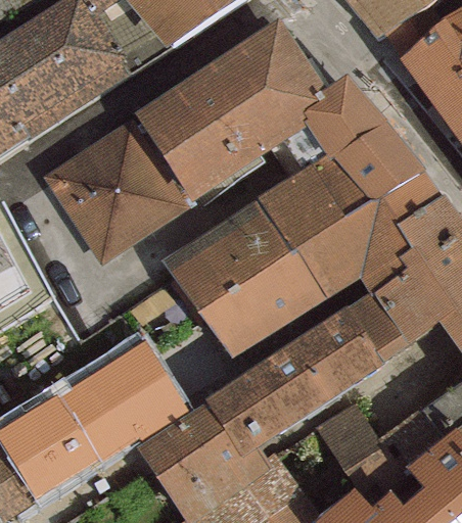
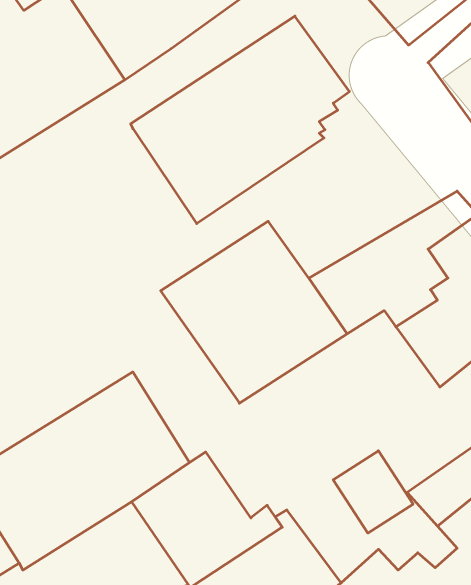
building: [258,74,424,249] -> none
building: [43,117,197,267] -> none
building: [202,292,409,461] -> none

